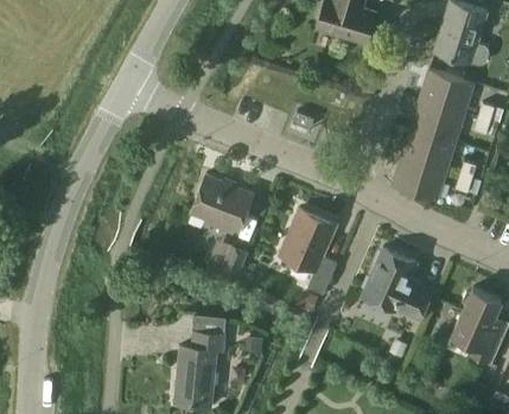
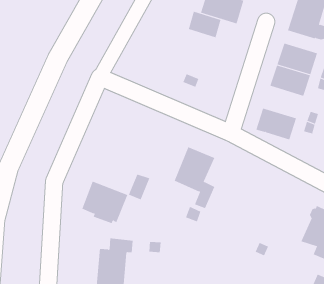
building: none -> [188,11,221,38]
building: [400,127,456,171] -> none
building: [191,174,254,233] -> [82,181,128,224]
building: [362,248,432,318] -> none

